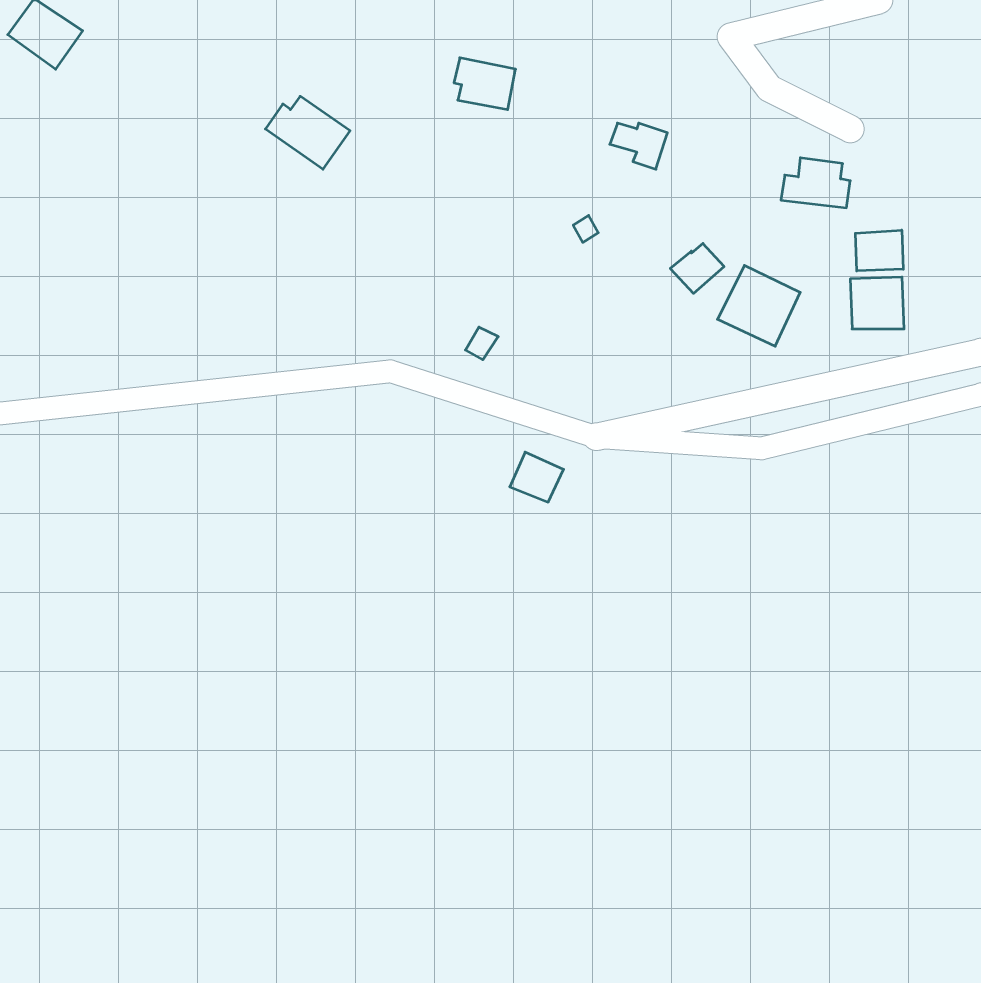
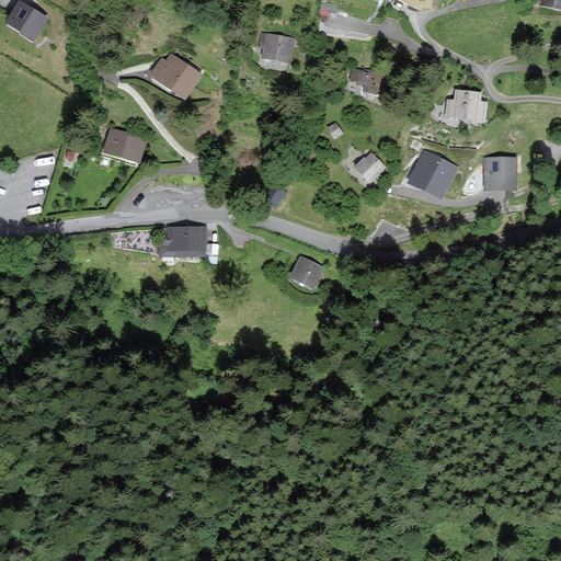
building: none -> [103,128,145,160]
building: [855,230,903,271] -> none
building: [670,243,724,293] -> [352,153,382,182]
building: none -> [160,228,205,256]

